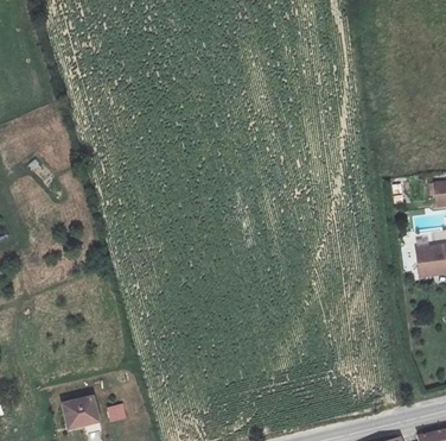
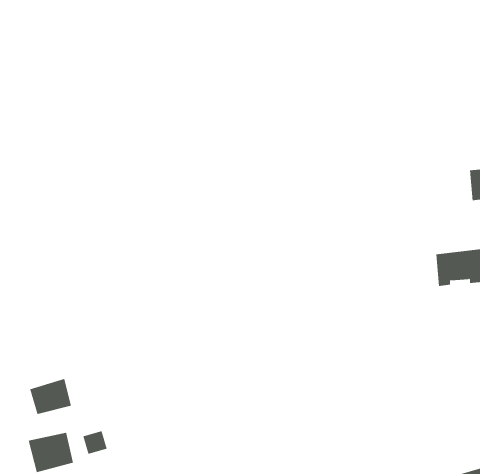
building: none -> [30,378,72,415]

